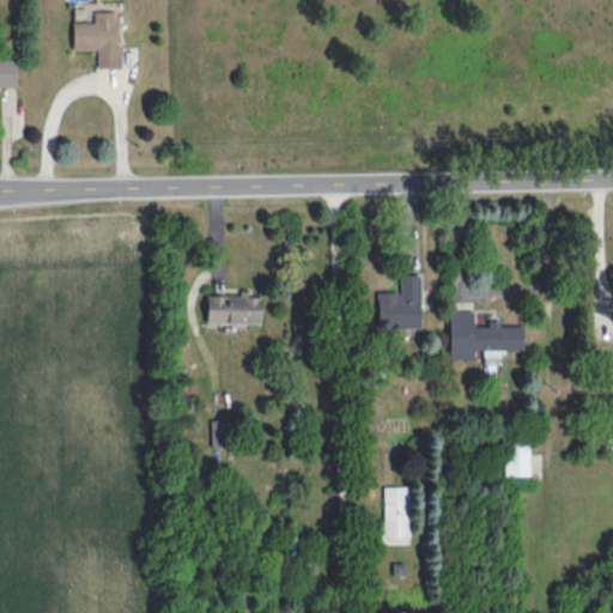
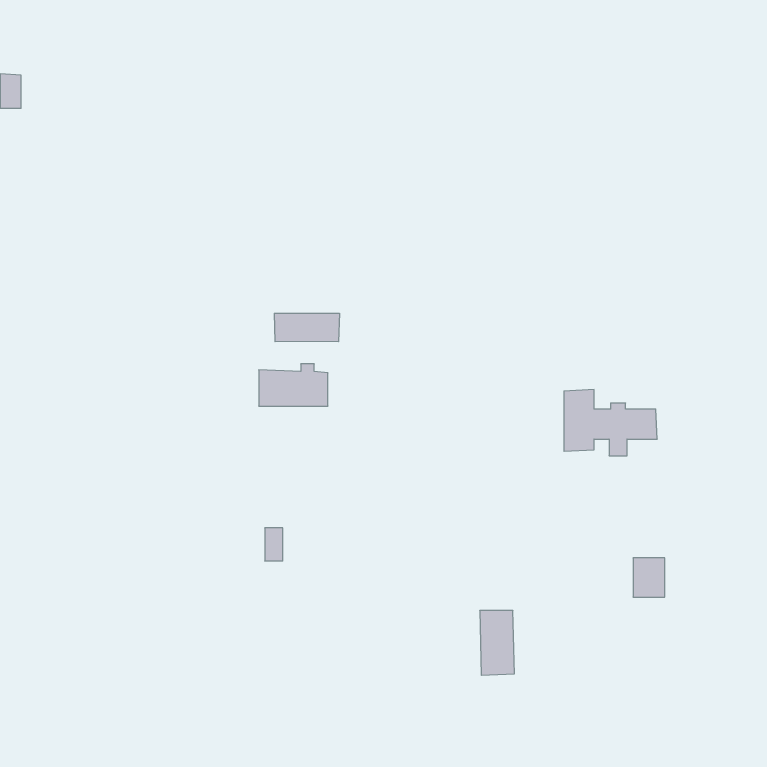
building: [74,13,120,69] -> none
building: none -> [274,313,339,342]
building: [378,277,421,329] -> none

